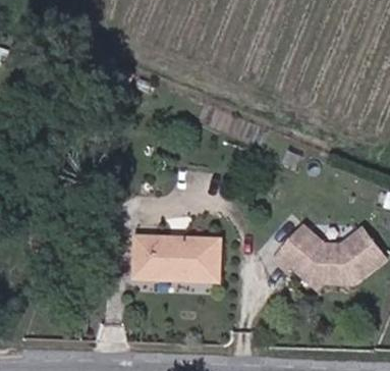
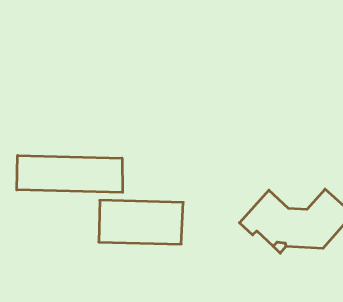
building: none -> [17,155,123,192]

